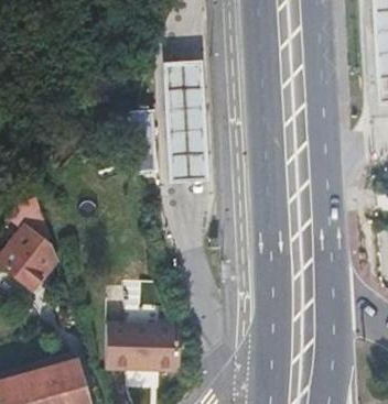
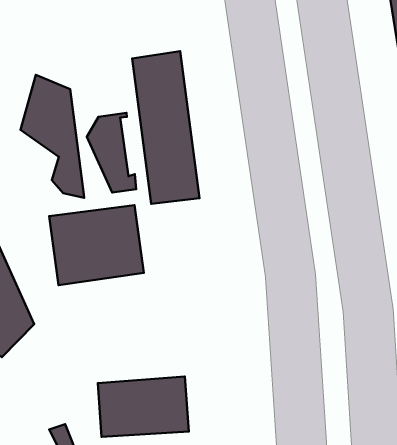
building: none -> [21,75,84,198]
building: none -> [49,205,144,285]

